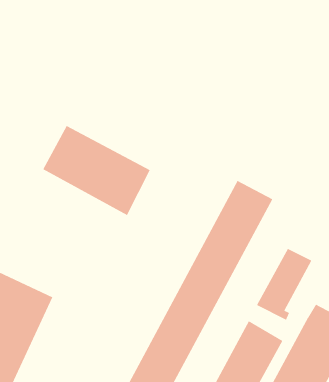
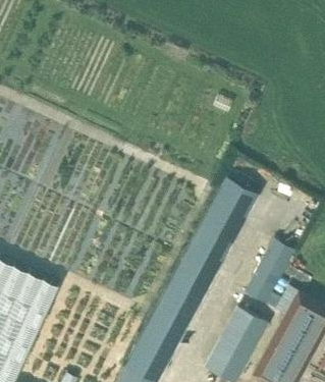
building: [42,125,150,216] -> none

